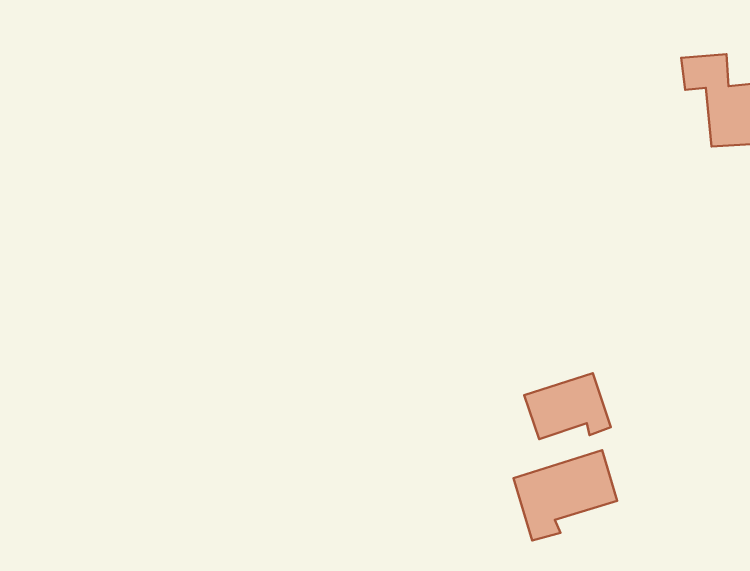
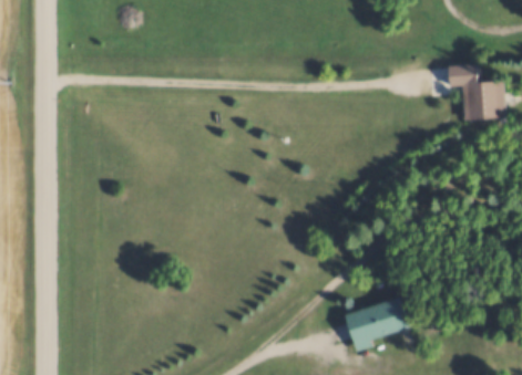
building: [524,373,611,439] -> none

